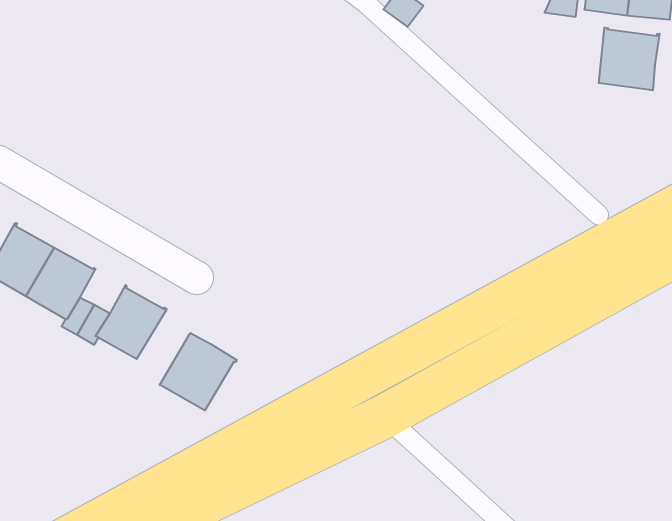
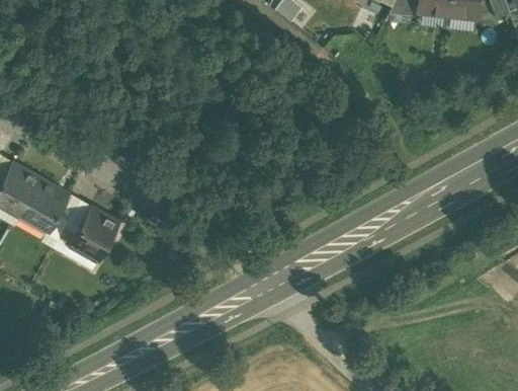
building: [599,27,659,90] -> none
building: [160,333,237,410] -> none

